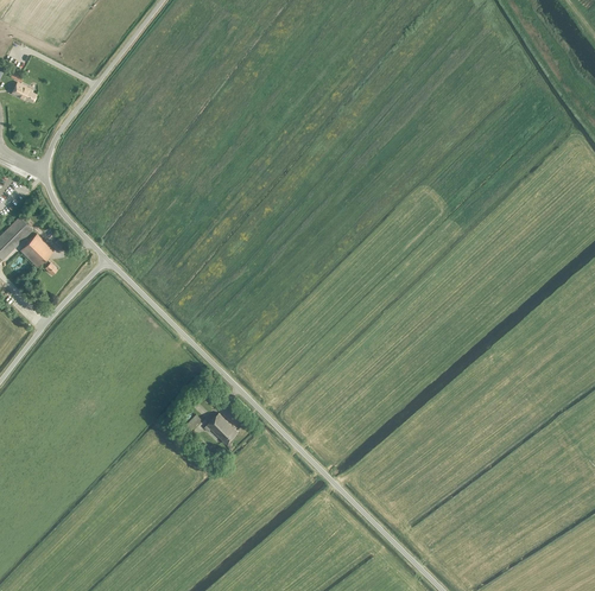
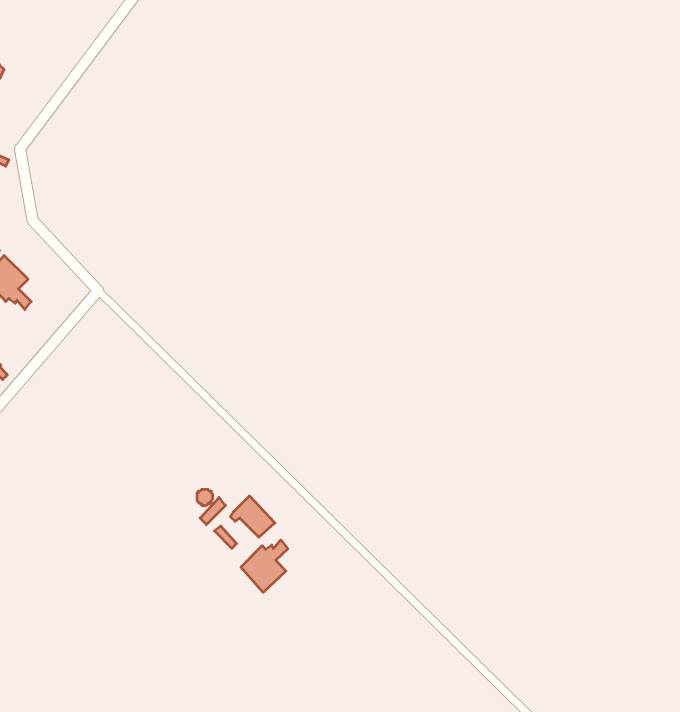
building: none -> [241,540,288,592]

